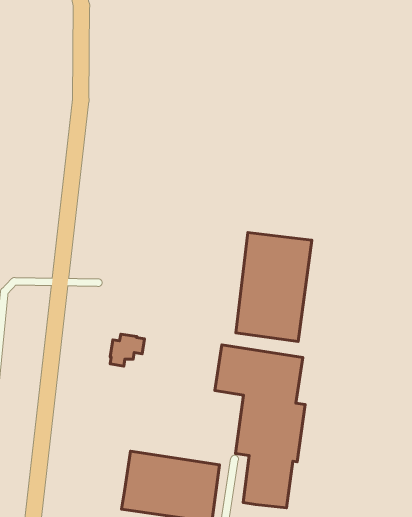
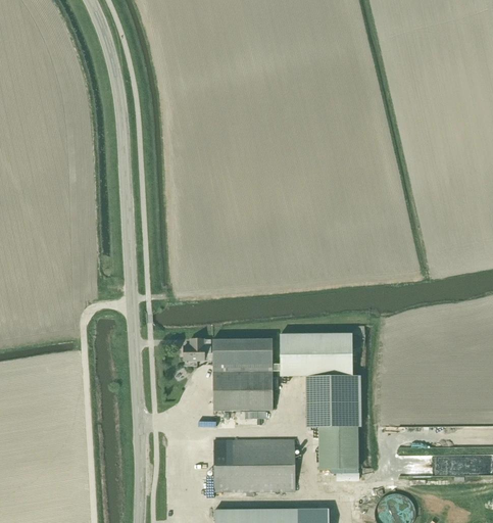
building: [236,233,312,342] -> none
building: none -> [213,338,277,424]

